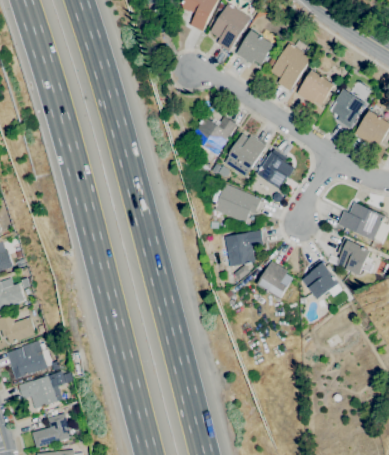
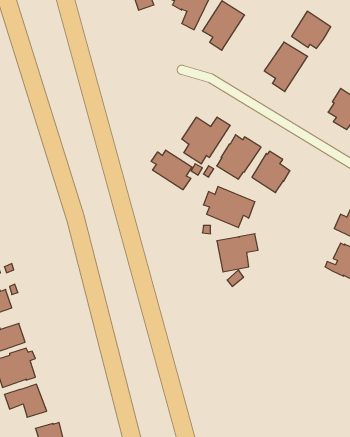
building: [236,29,274,64] -> none
building: [297,69,335,105] -> [292,11,331,48]
building: none -> [151,150,192,190]
building: [302,259,340,299] -> none
building: [257,260,293,299] -> none

